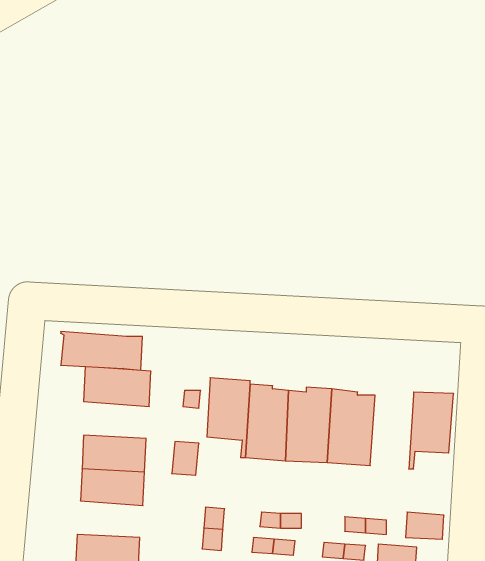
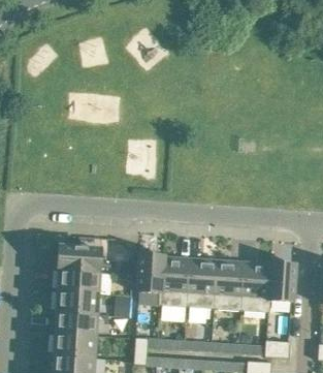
building: [61,332,142,370] -> [58,269,110,293]
building: none -> [243,263,270,312]
building: none -> [54,333,96,356]

